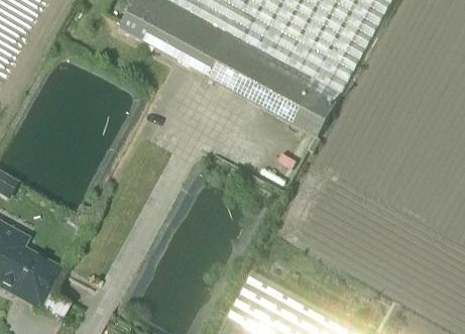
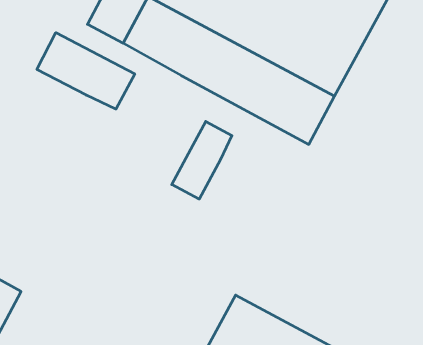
building: none -> [37,33,135,109]
building: none -> [172,121,232,199]

